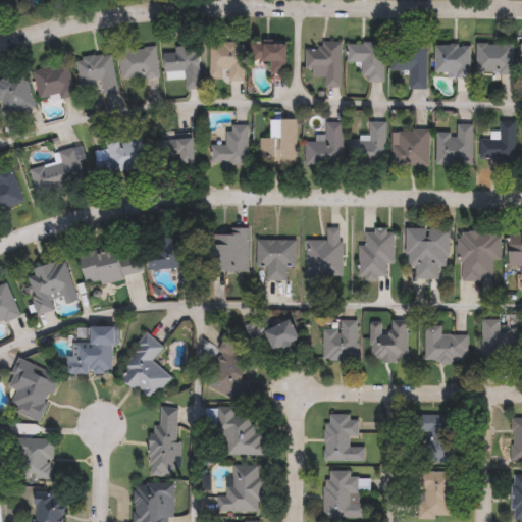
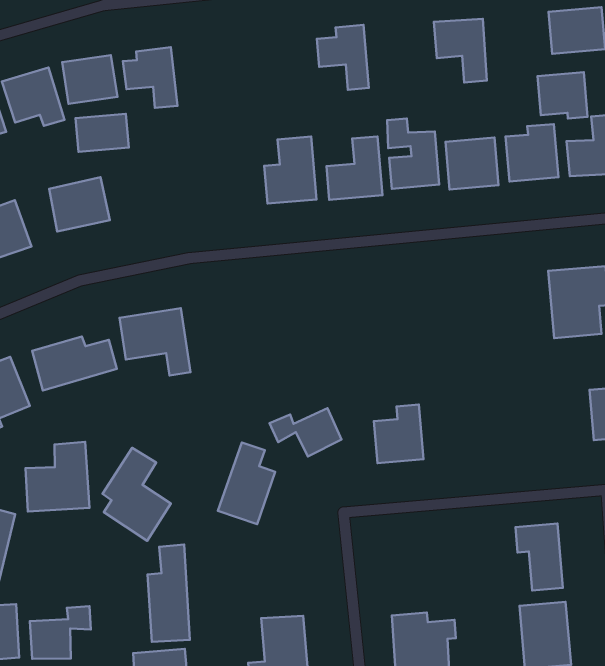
building: [209,42,245,81] -> none
building: [252,42,286,73] -> none
building: [348,42,385,82] -> none
building: [435,45,469,77] -> [538,72,588,119]
building: [212,125,248,164] -> none
building: [156,139,193,163] -> [76,114,129,152]
building: [307,227,342,275] -> none
building: [406,227,449,278] -> none
building: [359,228,394,278] -> none
building: [209,229,249,270] -> none
building: [257,238,296,279] -> none
building: [370,321,408,360] -> none
building: [425,324,468,361] -> none
building: [220,405,262,456] -> none
building: [324,413,365,460] -> none
building: none -> [30,606,91,659]

